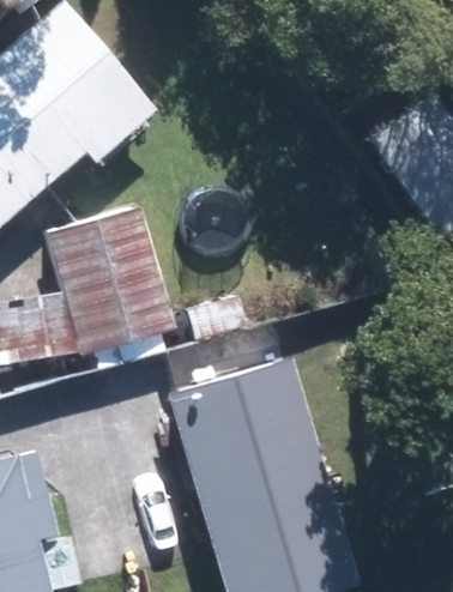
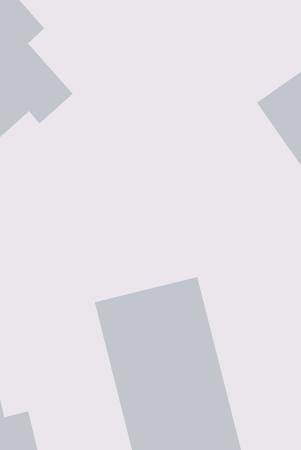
building: [53,210,175,369] -> none

